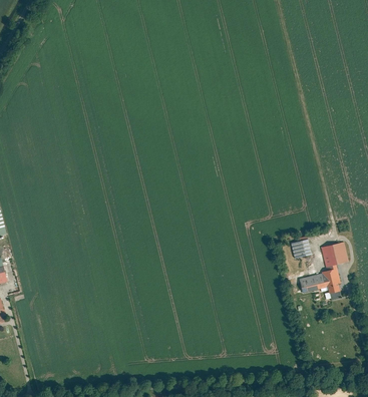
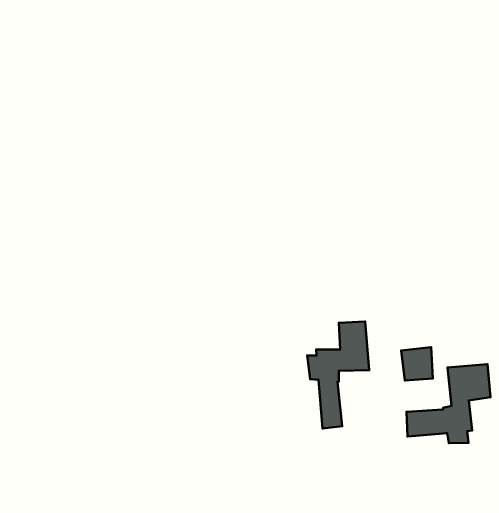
building: none -> [307,322,369,428]

